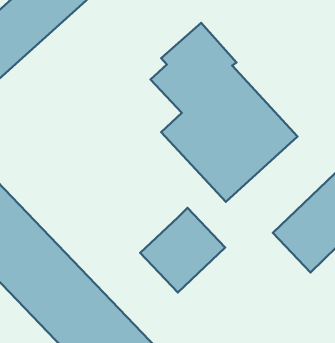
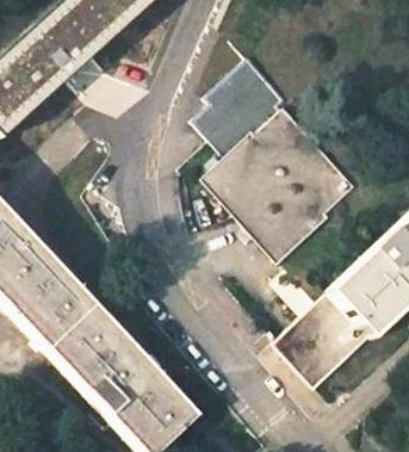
building: [140,208,225,293] -> [280,284,374,378]

